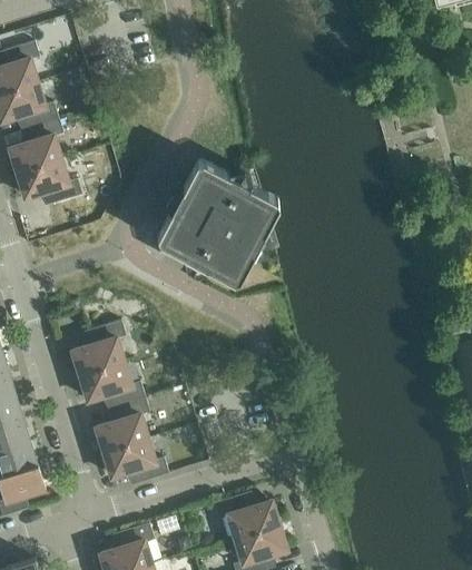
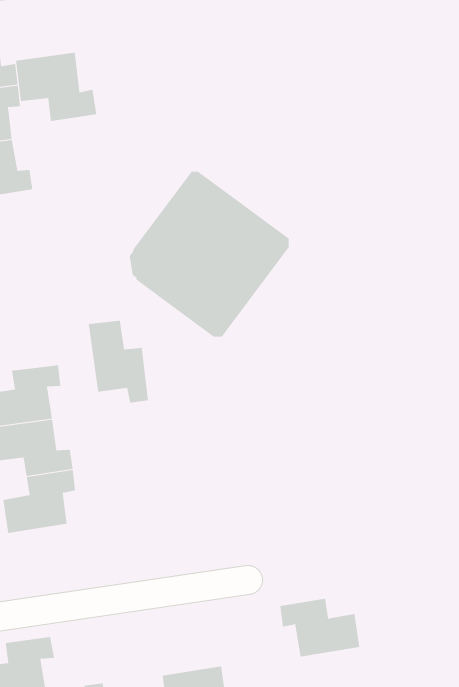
building: none -> [15,52,97,122]
building: none -> [88,320,149,403]
building: [105,440,169,487] -> none
building: [215,494,279,541] -> [280,598,360,657]

